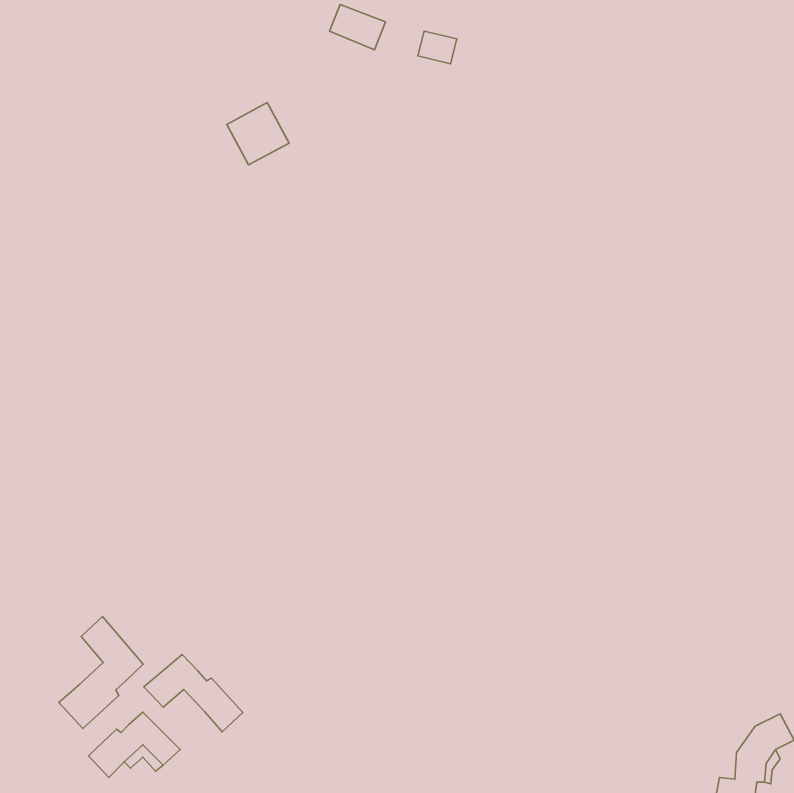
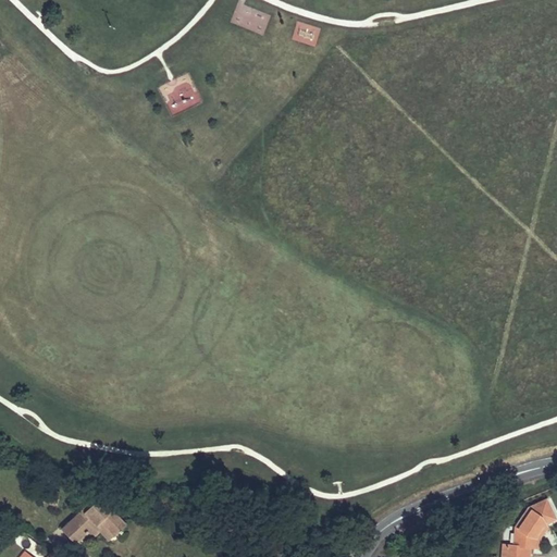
building: [59,617,143,728] -> none
building: [144,654,243,732] -> none

